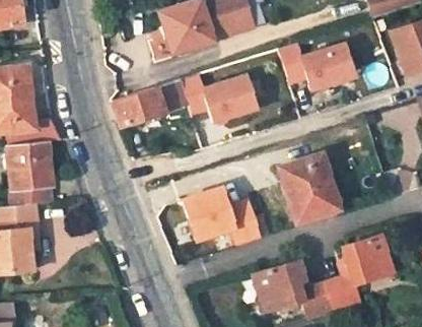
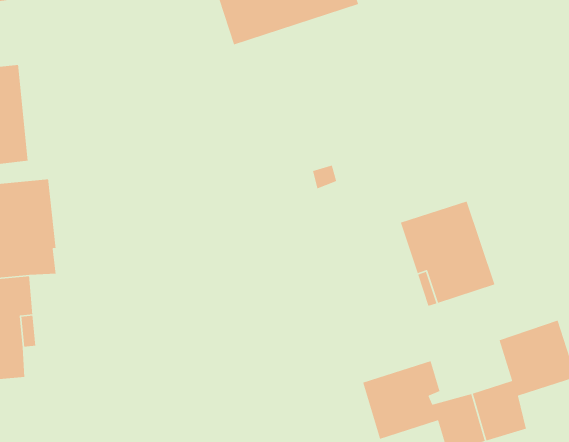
building: [279,45,354,92] -> none
building: [202,75,256,123] -> none
building: [113,79,187,126] -> none
building: [182,187,259,245] -> none

